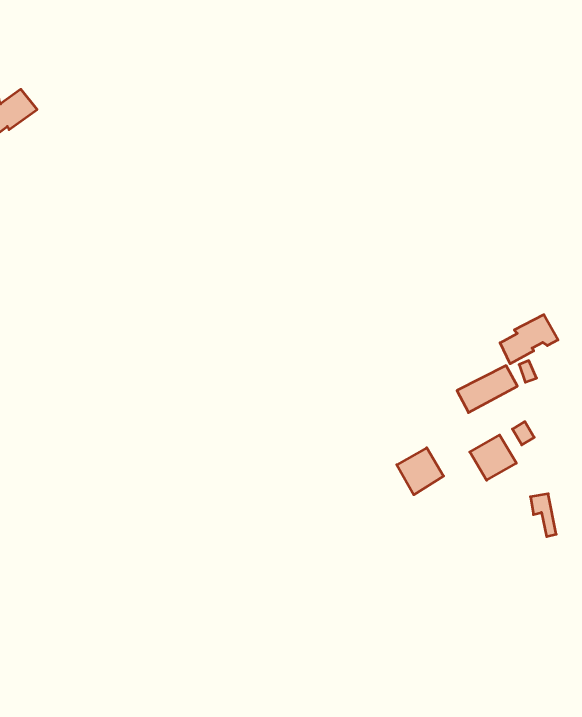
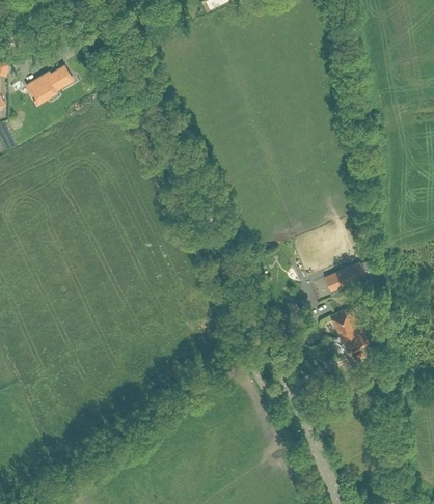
building: [500,315,558,364] -> none
building: [397,448,444,495] -> [341,326,370,355]

